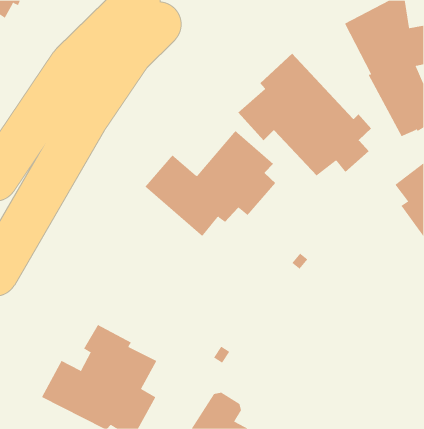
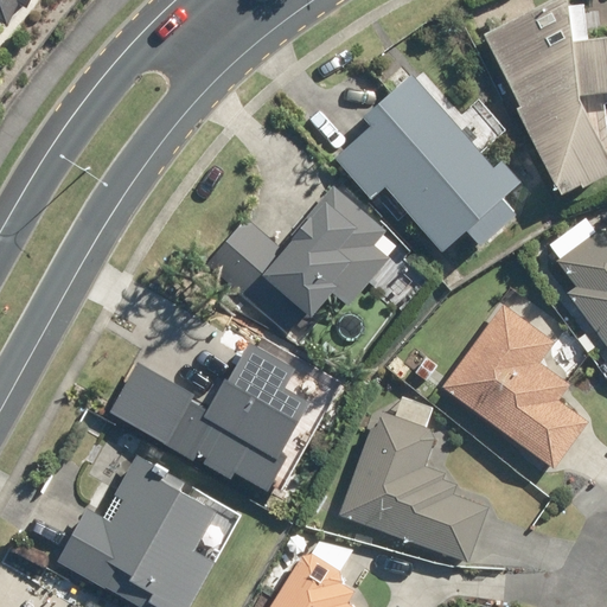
building: none -> [442,305,587,467]
building: none -> [98,344,292,492]
building: none -> [339,410,487,562]

